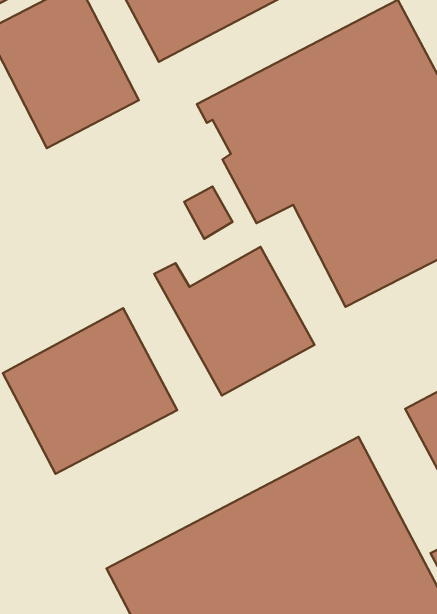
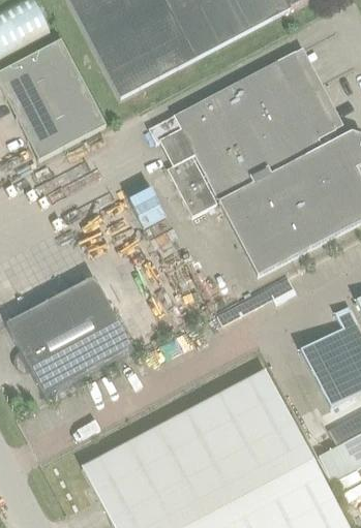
building: [154,247,315,396] -> none

